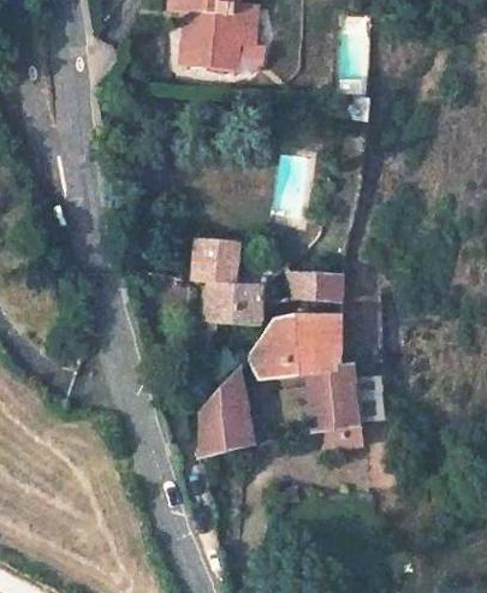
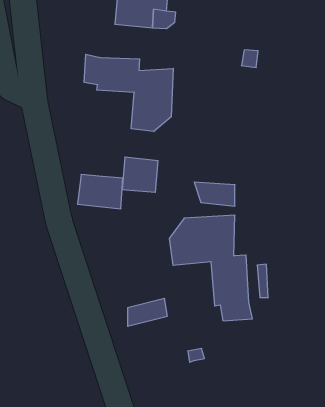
building: none -> [84,54,173,132]
building: [204,280,263,325] -> [77,175,123,209]
building: [201,366,249,433] -> none

